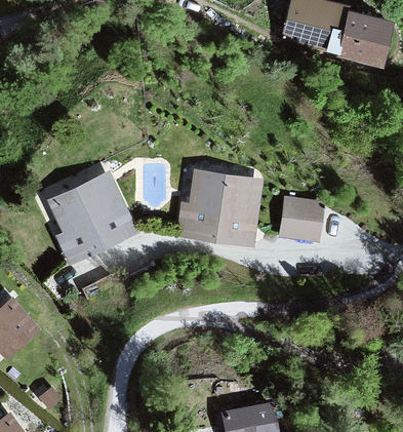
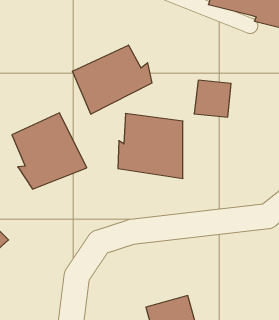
building: none -> [73,45,152,114]
building: [281,190,327,236] -> [194,80,231,117]

